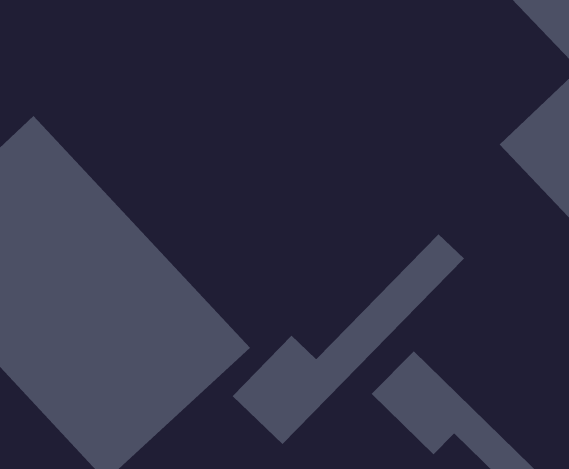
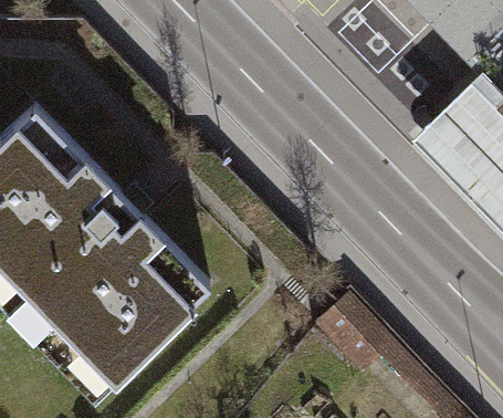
building: [232,233,465,445] -> none

